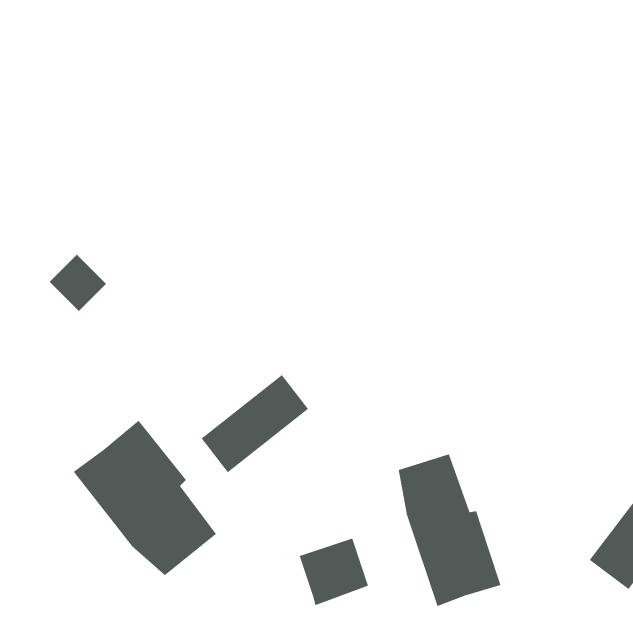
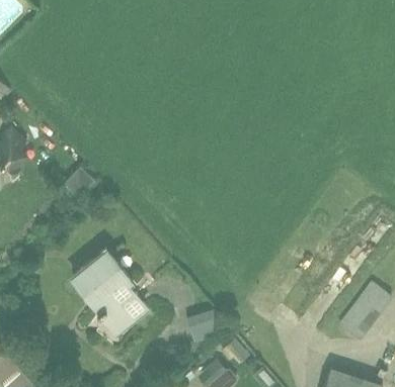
building: [201,374,309,473] -> none
building: [398,453,501,607] -> none

